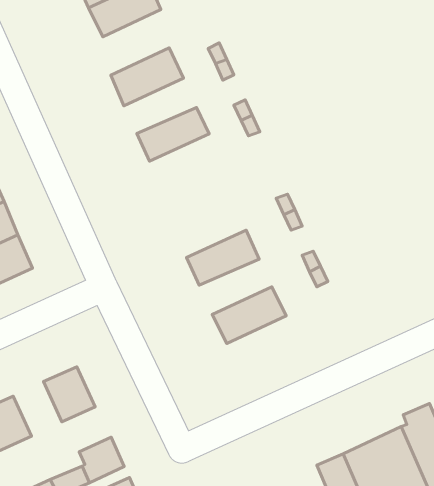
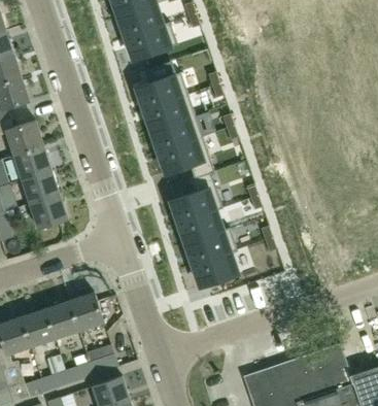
building: none -> [143,95,195,131]
building: none -> [158,136,209,173]
building: none -> [170,185,221,223]
building: none -> [184,229,236,265]
building: none -> [44,301,77,339]

